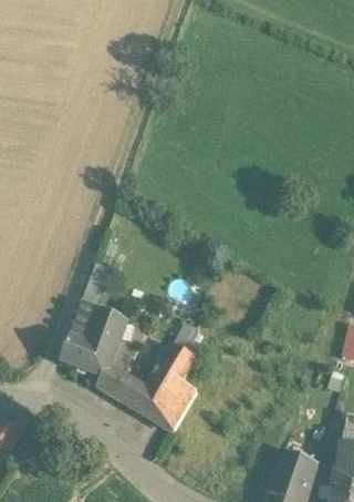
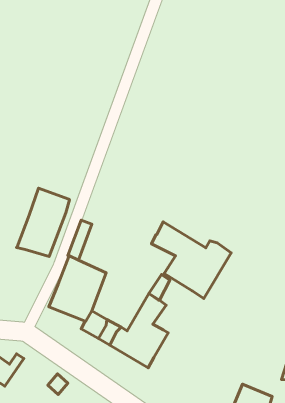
building: none -> [17,188,69,257]
building: none -> [152,222,231,298]

